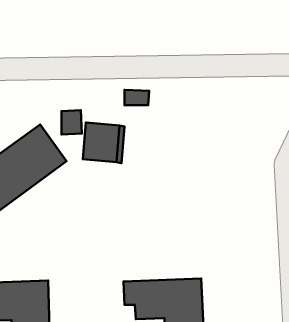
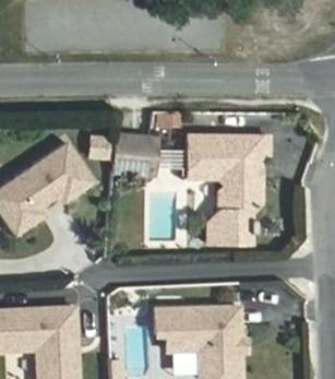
building: none -> [190,138,271,248]

